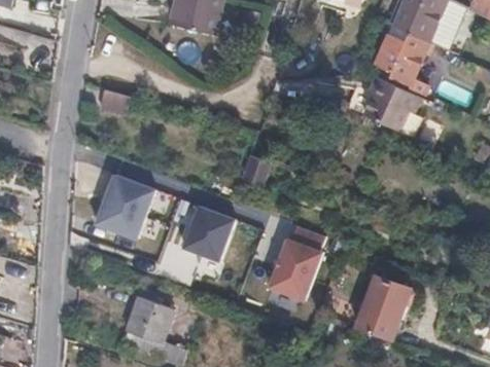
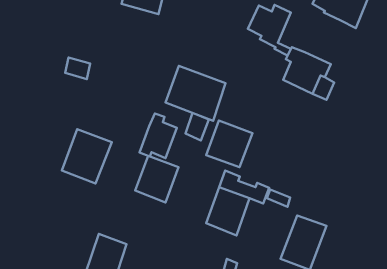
building: [376,34,427,95] -> [248,5,291,56]
building: none -> [166,66,226,121]
building: none -> [139,113,177,158]
building: none -> [206,121,253,167]

